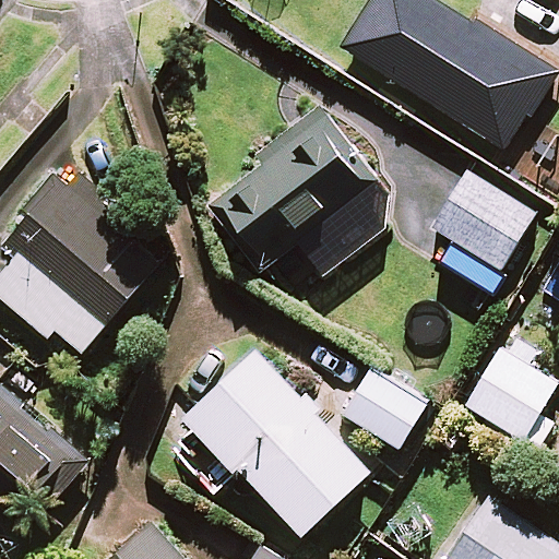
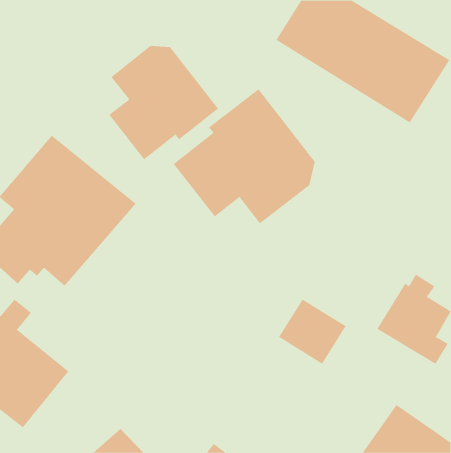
building: none -> [109,45,219,160]
building: [427,169,536,272] -> none
building: [165,354,368,536] -> none

